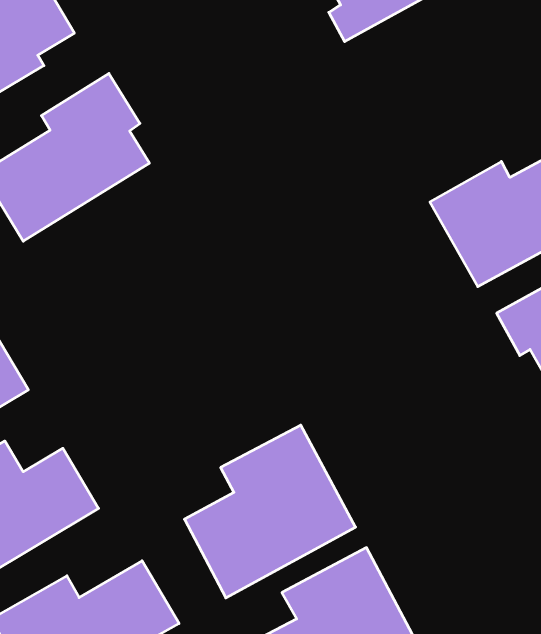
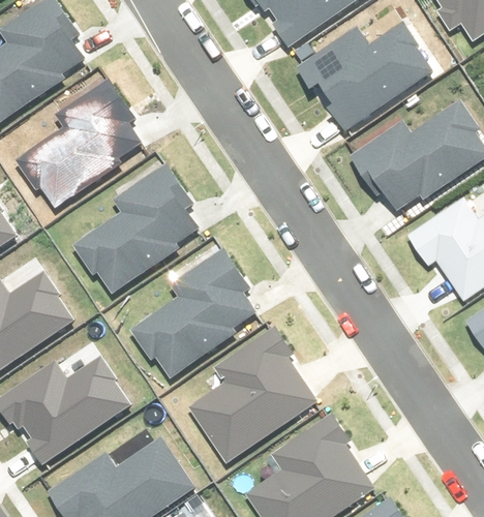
building: none -> [297,28,425,128]
building: none -> [72,168,198,295]
building: none -> [133,252,265,379]

